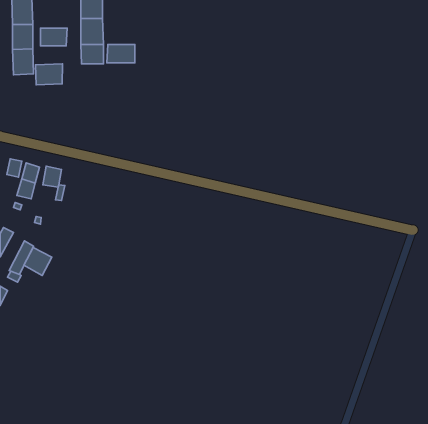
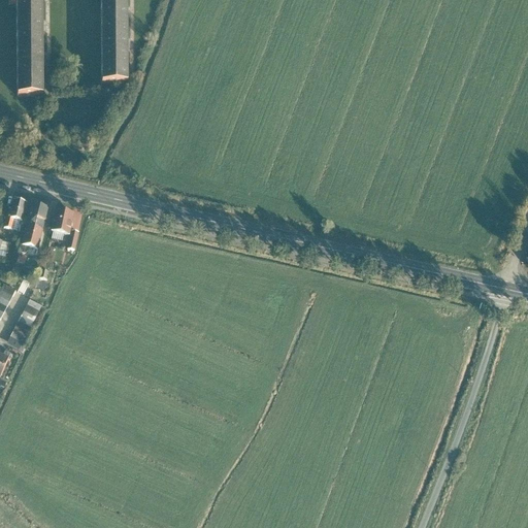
building: [41,28,67,46] -> none
building: [107,45,135,63] -> none
building: [36,64,63,85] -> none
building: [24,247,52,275] -> none

